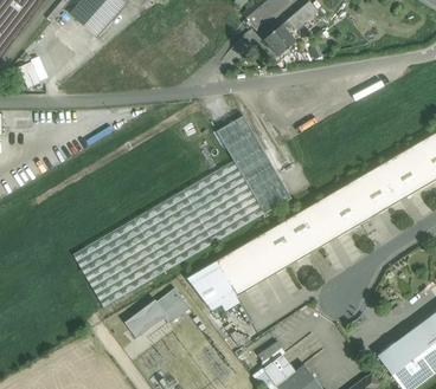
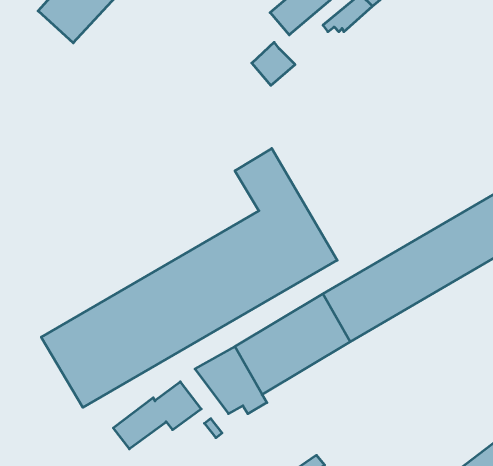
building: [264,24,296,56] -> [252,42,295,85]

